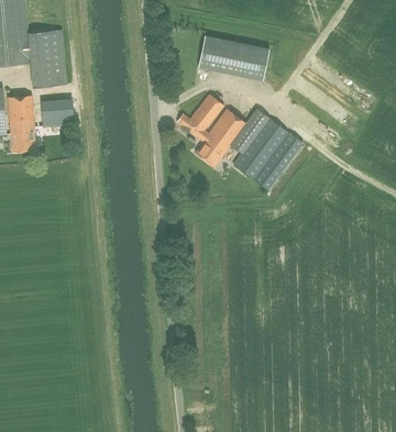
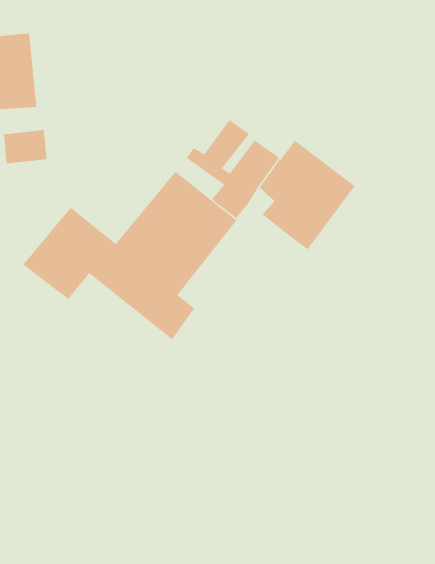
building: [198,34,268,79] -> none
building: none -> [22,171,237,340]

